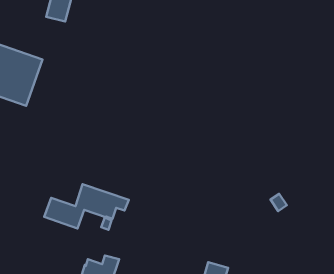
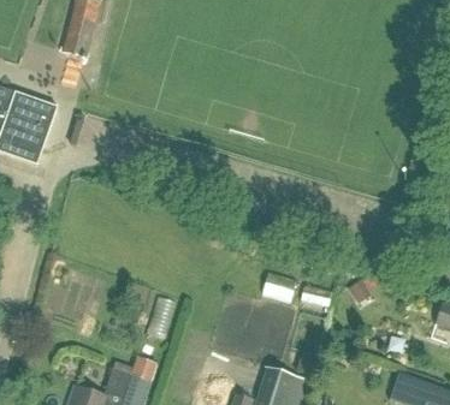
building: [44,184,129,228] -> none

